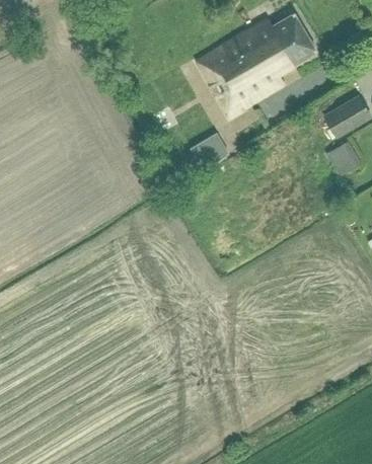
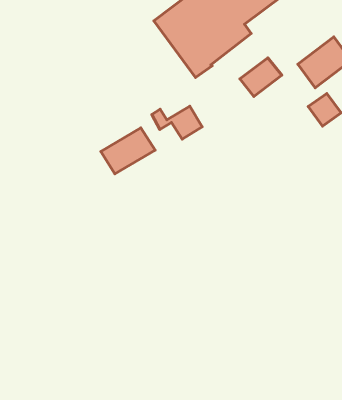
building: none -> [240,58,282,96]
building: none -> [101,128,155,174]

